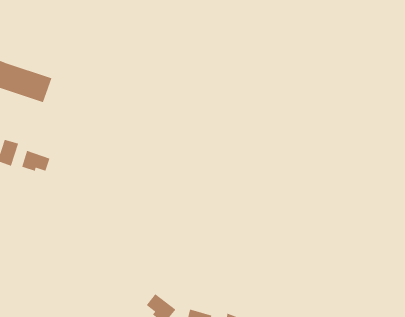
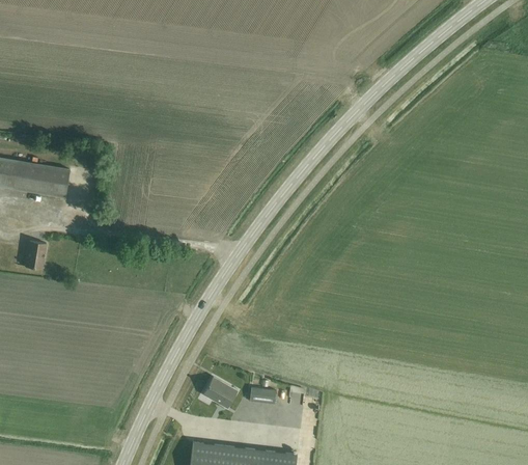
building: [21,150,50,175] -> none

